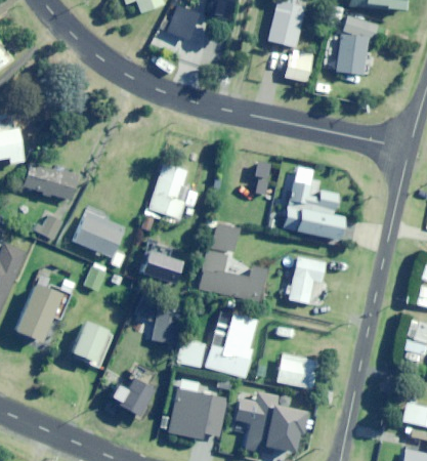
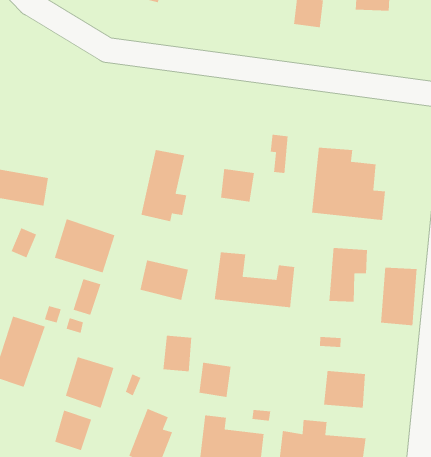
building: [211,222,241,252] -> [220,168,255,203]
building: none -> [380,267,418,326]
building: [205,309,257,377] -> none
building: none -> [54,410,92,451]

